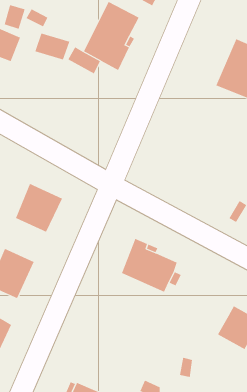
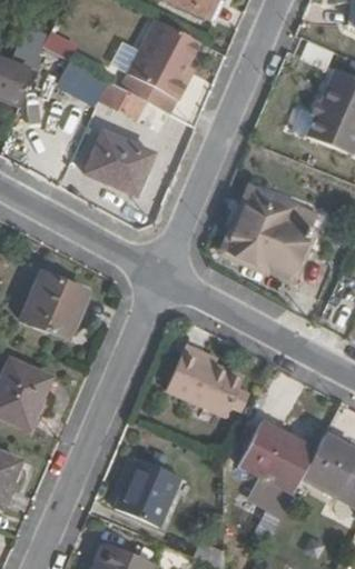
building: none -> [83,128,149,192]
building: none -> [226,192,310,271]
building: none -> [241,422,317,495]
building: none -> [118,457,184,525]

